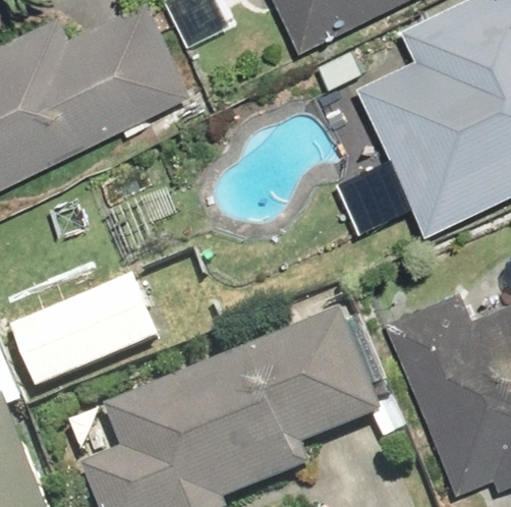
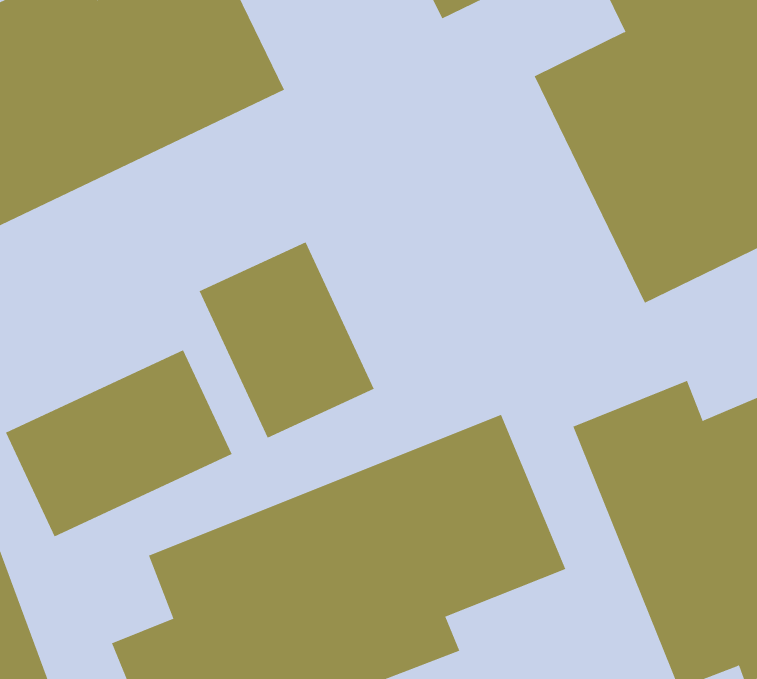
building: none -> [199,242,375,439]

